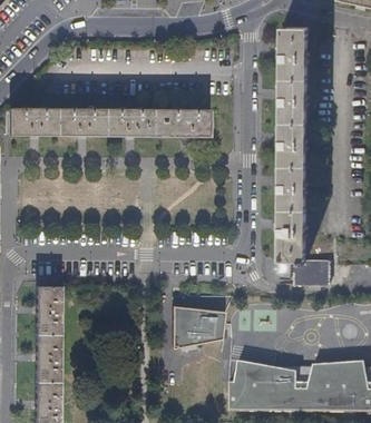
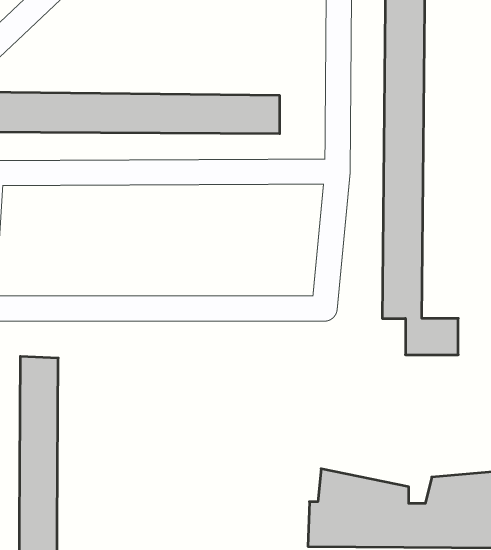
building: [172,306,224,350] -> none

